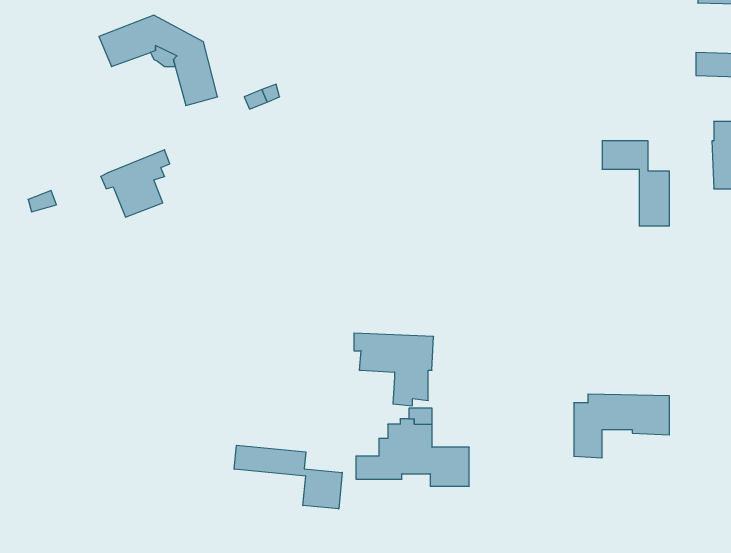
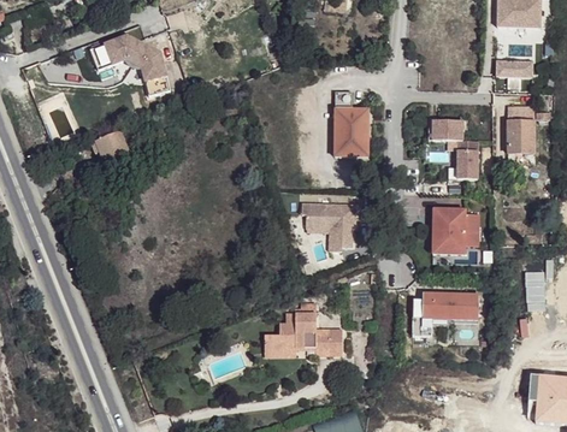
building: none -> [336,91,370,156]
building: none -> [432,208,479,254]
building: [354,333,434,406] -> [302,202,356,251]
building: [234,445,342,509] -> none

